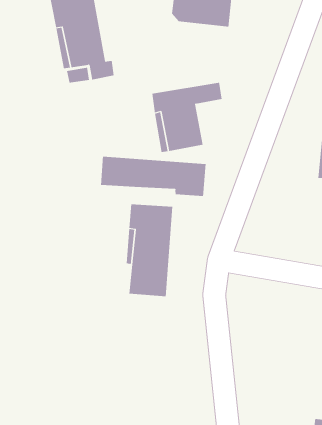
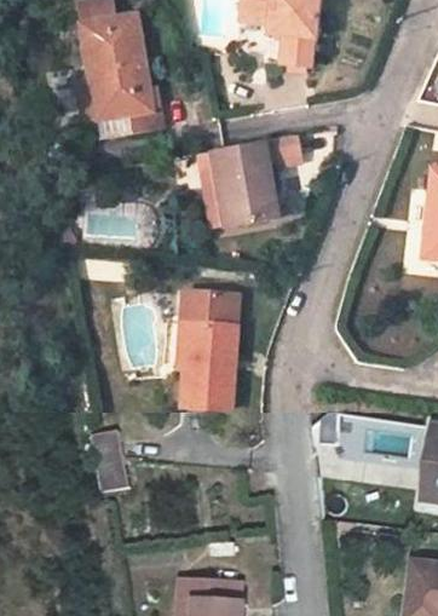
building: [101,156,206,197] -> none
building: none -> [99,439,133,491]

